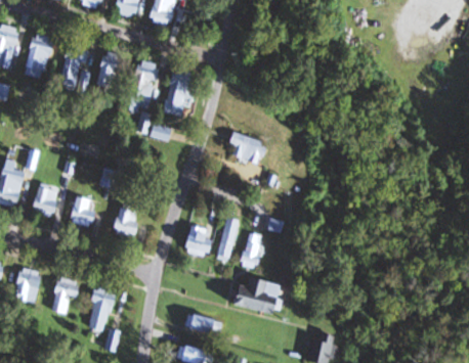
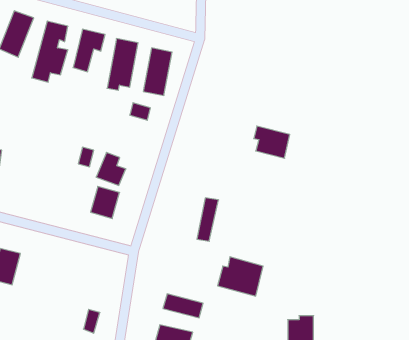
building: [229,132,265,164] -> [254,126,290,158]
building: [32,185,60,217] -> none
building: [68,195,97,228] -> [96,152,126,185]
building: [186,226,214,256] -> none
building: [245,234,261,267] -> none
building: [52,278,81,314] -> none
building: [89,287,115,333] -> none

